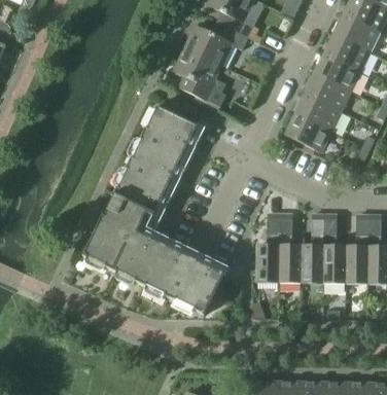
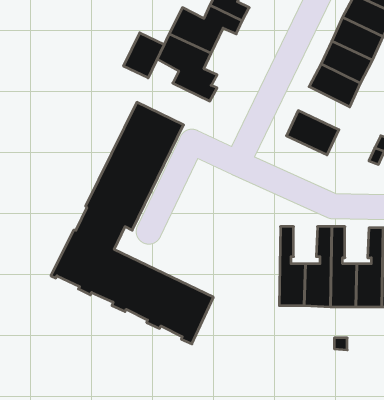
building: none -> [124,33,164,78]
building: [296,93,341,130] -> none
building: [256,212,281,281] -> none

